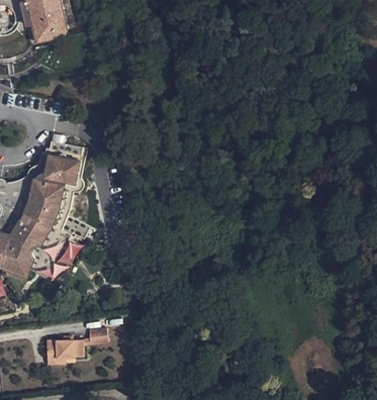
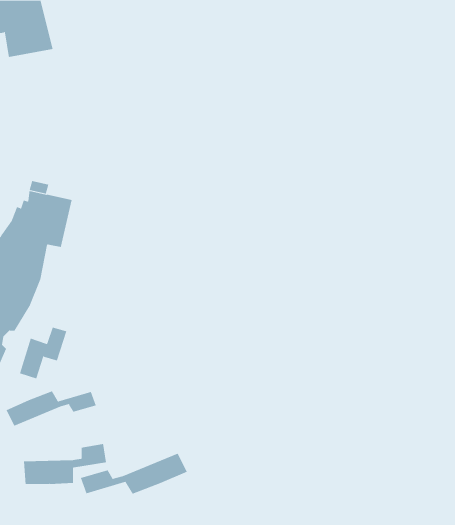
building: none -> [6,390,96,427]
building: none -> [80,453,188,495]

